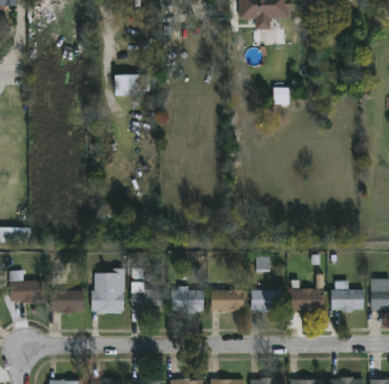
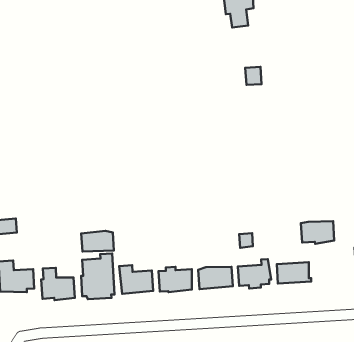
building: [115,75,149,97] -> none
building: none -> [81,231,114,251]
building: [331,289,364,312] -> [301,221,334,244]

